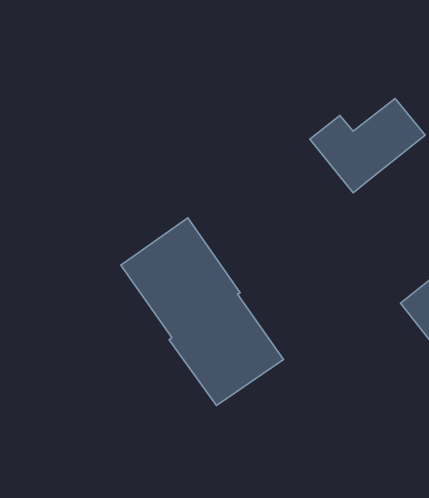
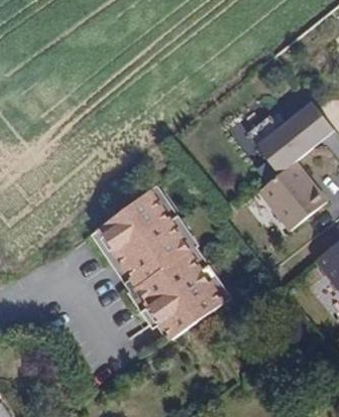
building: none -> [257,161,325,230]

